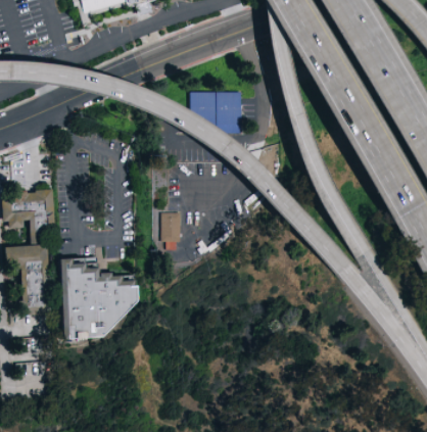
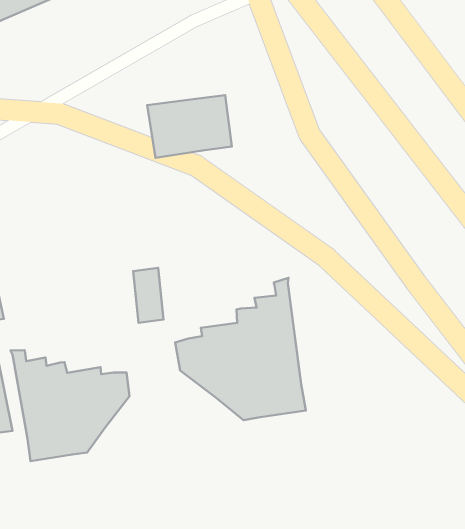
building: none -> [175,278,306,420]

